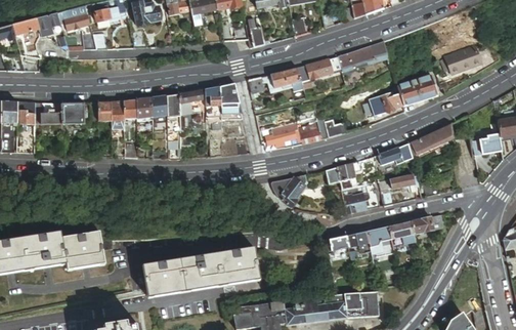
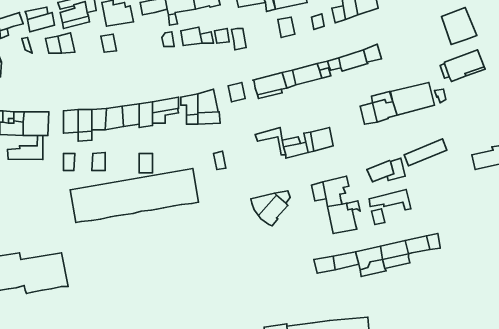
building: none -> [441,7,477,45]
building: none -> [8,136,43,160]
building: [266,126,297,146] -> none
building: [142,246,259,295] -> [70,168,199,223]

